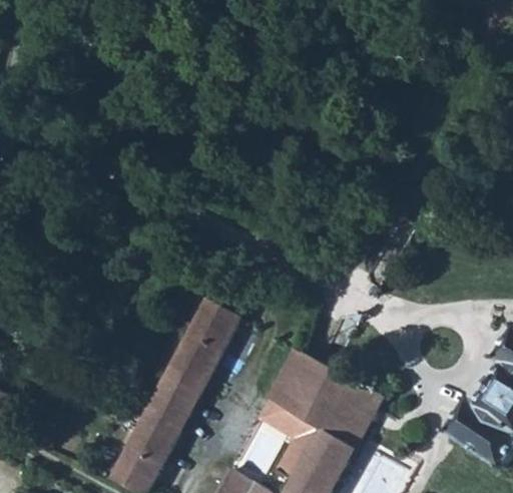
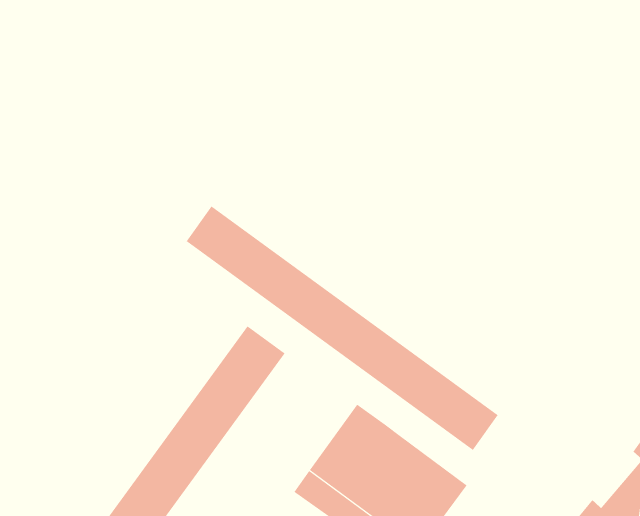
building: none -> [186,206,498,451]

